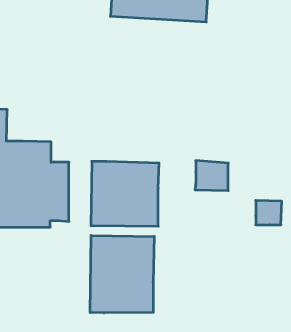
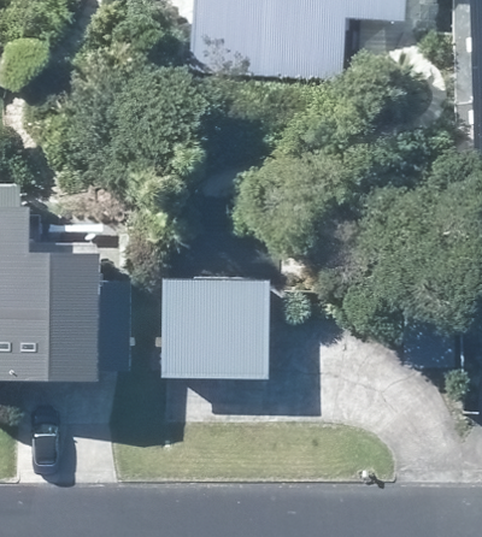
building: [90,235,154,313] -> none

